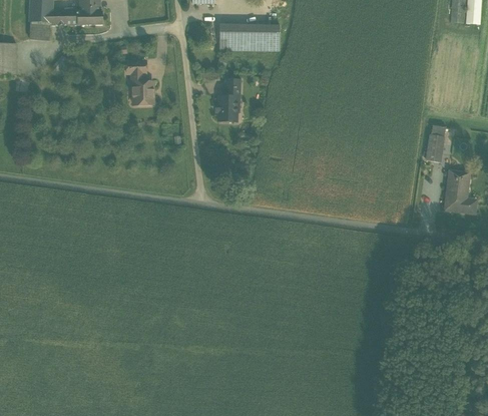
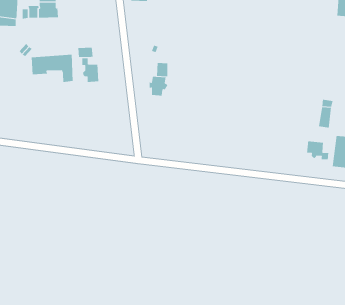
building: [219,25,280,49] -> none
building: none -> [31,54,73,83]
building: none -> [306,141,329,160]

